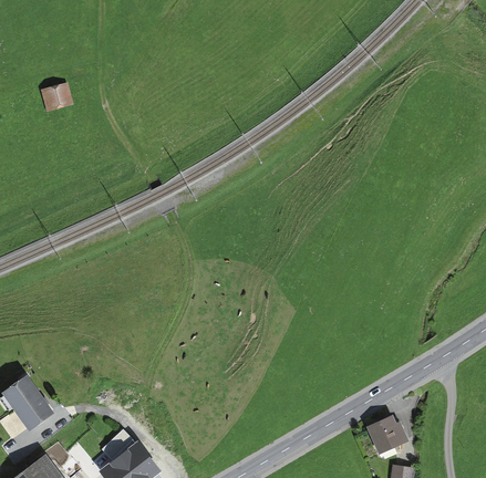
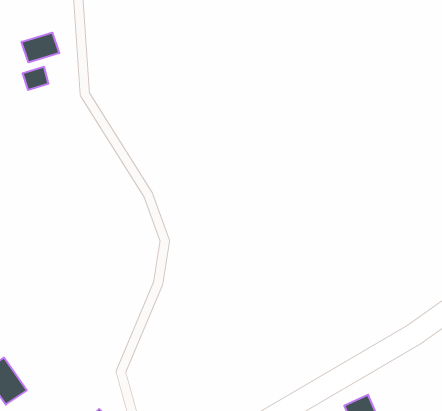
building: none -> [22,33,59,62]

